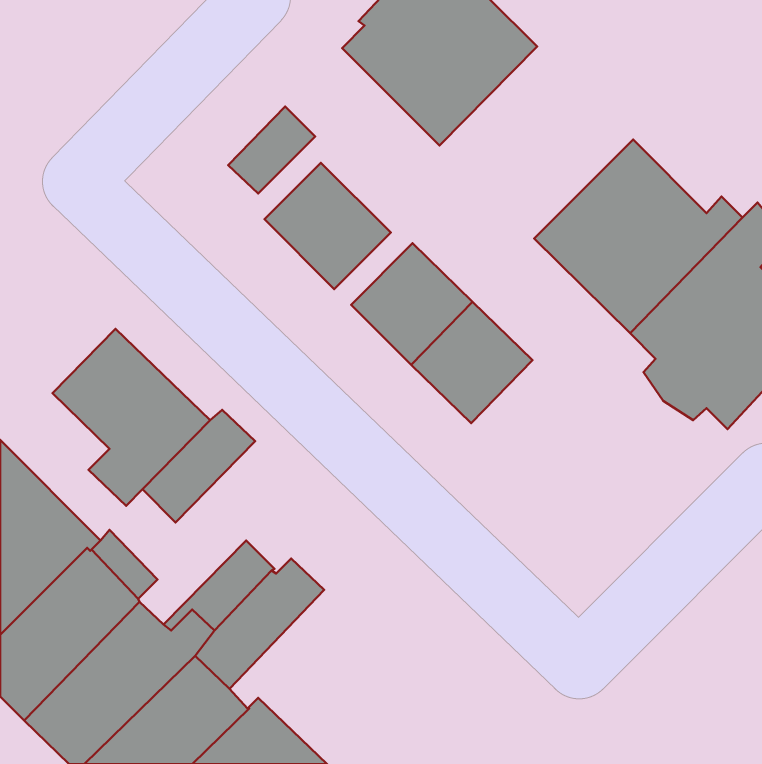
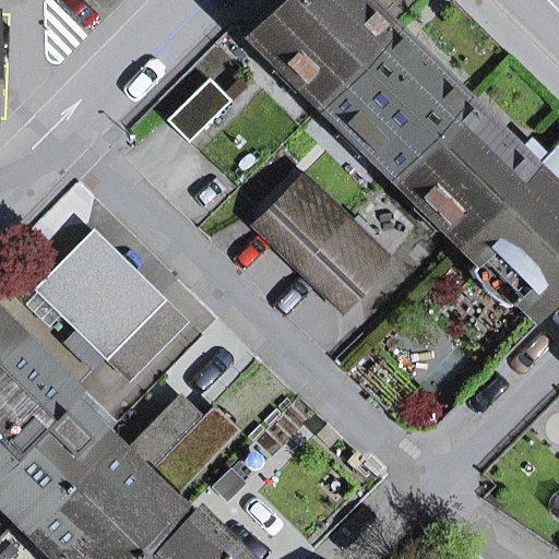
building: none -> [323,34,464,174]
building: [264,163,391,289] -> none

